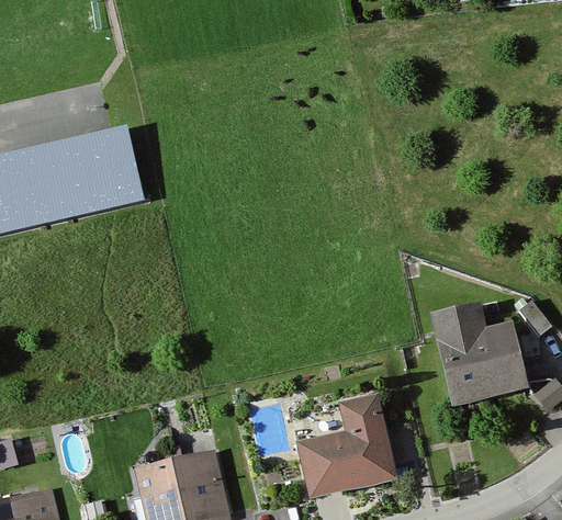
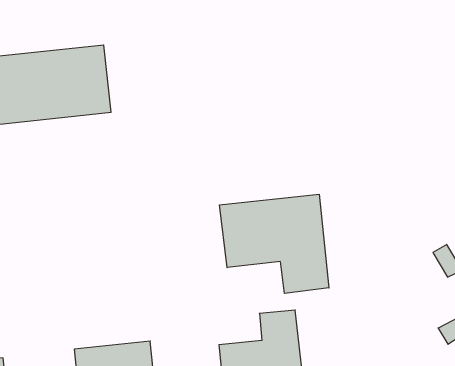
building: none -> [220,194,329,293]
building: [434,304,527,406] -> none

